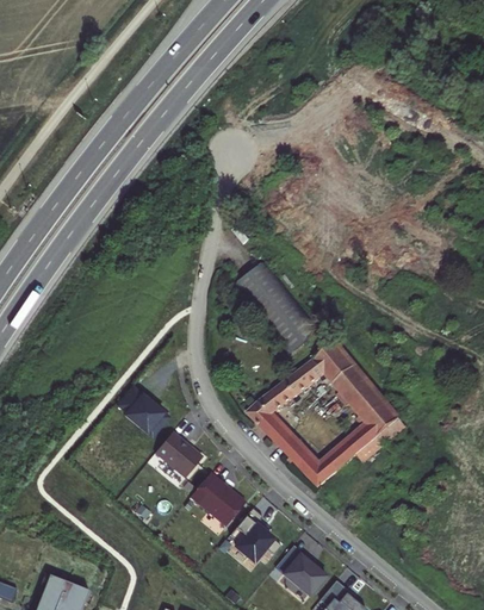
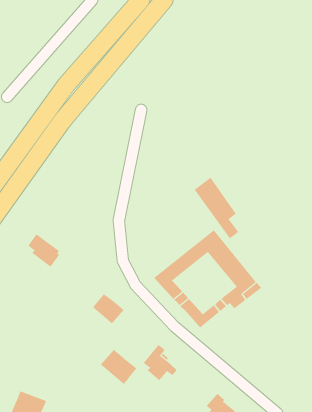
building: [240,261,306,353] -> [194,177,239,239]
building: [117,388,165,438] -> [27,233,60,267]
building: [191,474,246,527] -> [100,349,137,385]
building: [286,550,330,596] -> none

